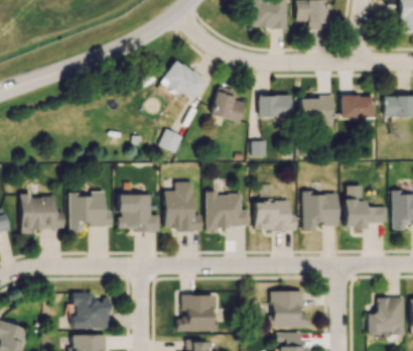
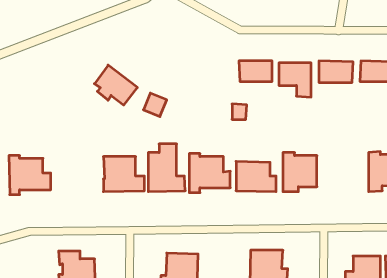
building: [162,60,206,101] -> [94,65,137,105]
building: [212,91,244,121] -> none
building: [345,186,388,229] -> none
building: [70,192,112,233] -> none

